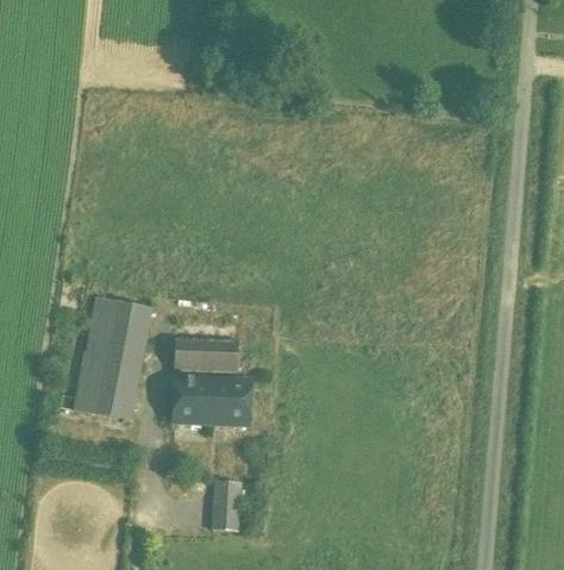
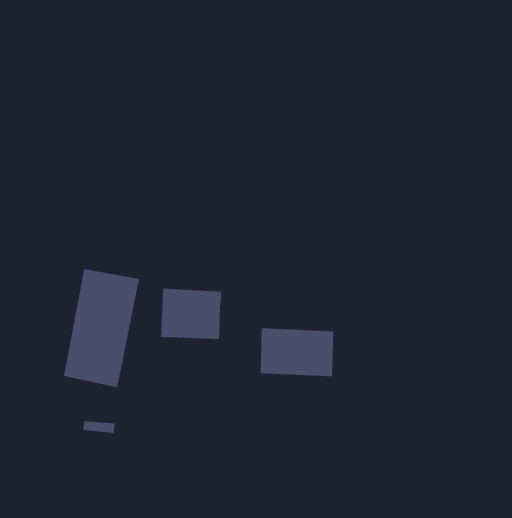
building: [174,376,251,427] -> [260,328,334,377]
building: [208,475,234,524] -> none

